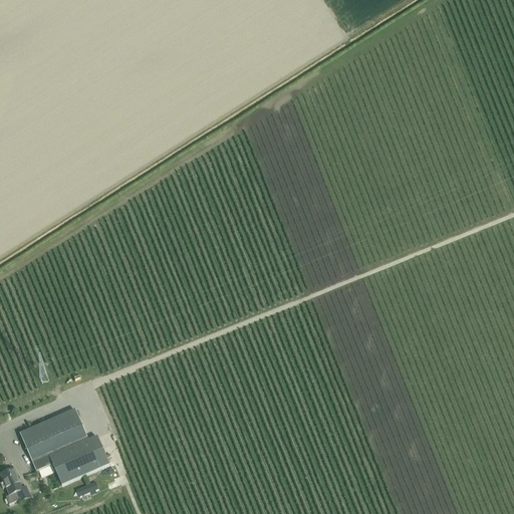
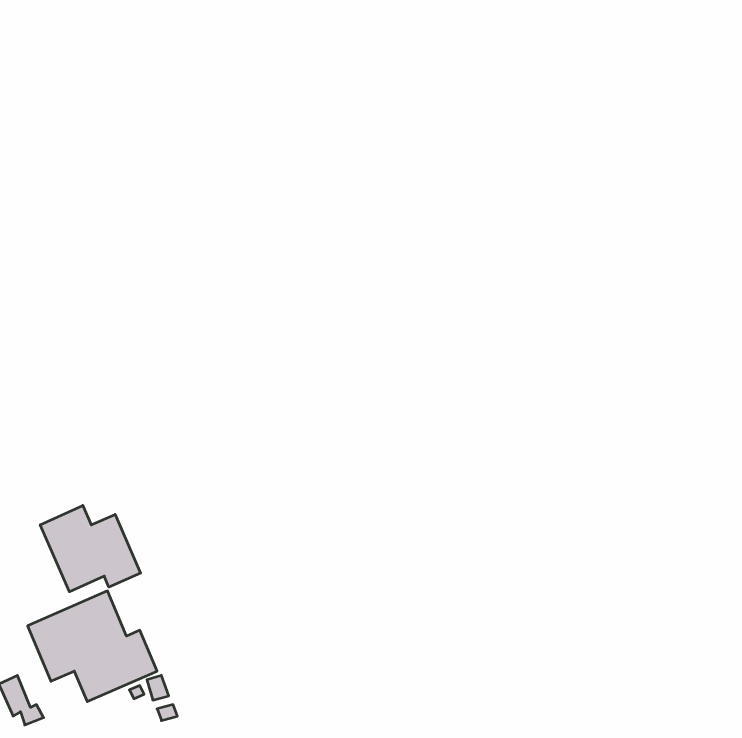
building: none -> [40,505,141,592]

